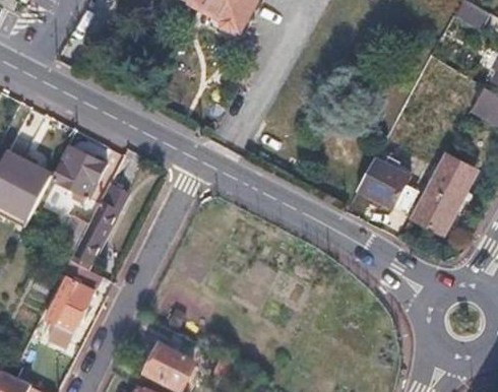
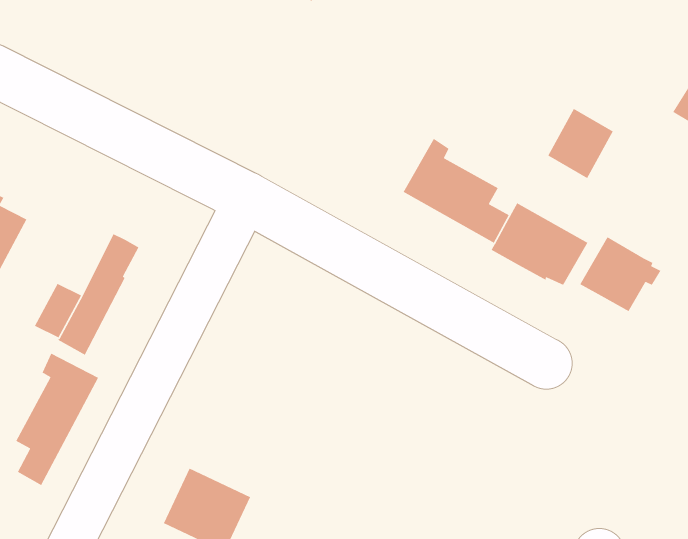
building: none -> [402,138,510,244]
building: [55,142,108,196] -> none
building: [430,152,474,199] -> [547,108,614,179]

